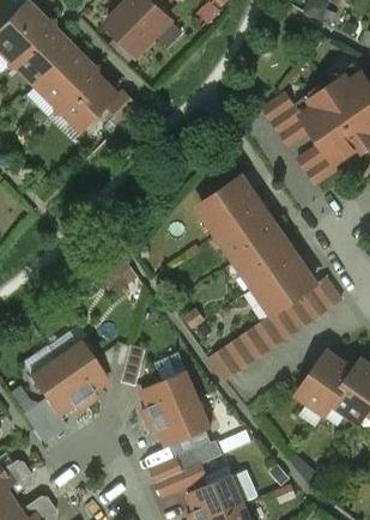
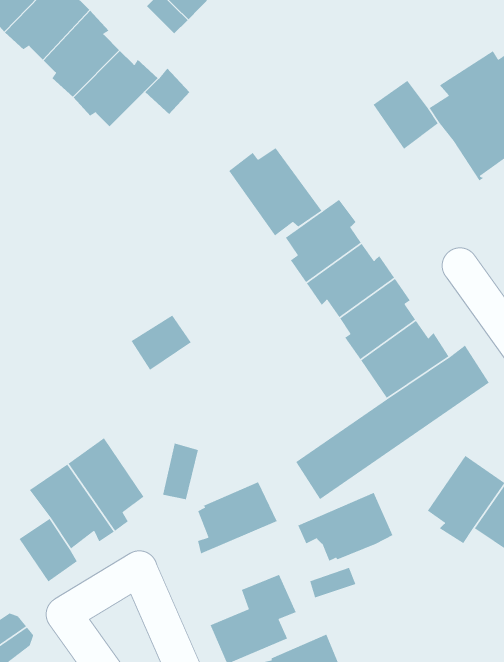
building: [292,138,338,183] -> none
building: none -> [228,147,323,236]
building: [145,398,211,446] -> [297,492,394,562]

